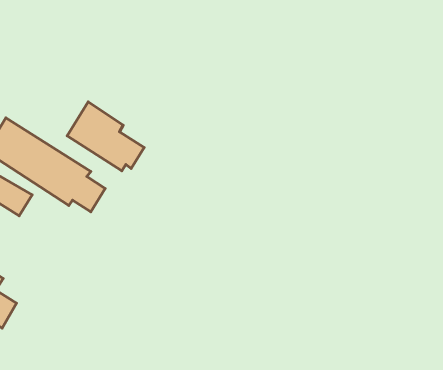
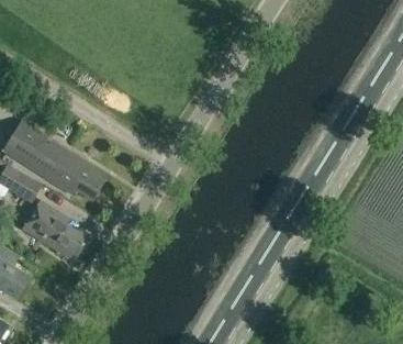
building: [67,102,144,171] -> [23,199,88,257]

